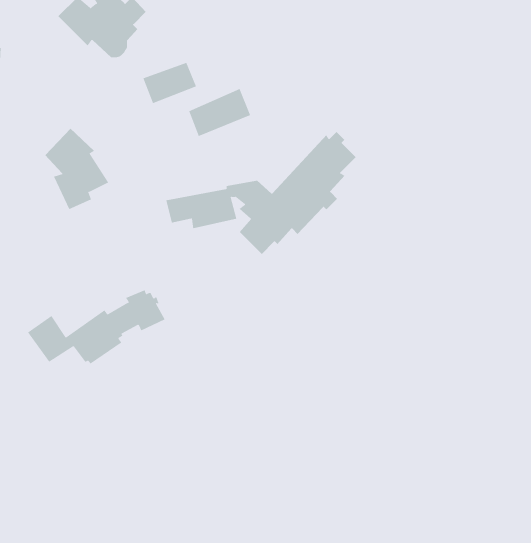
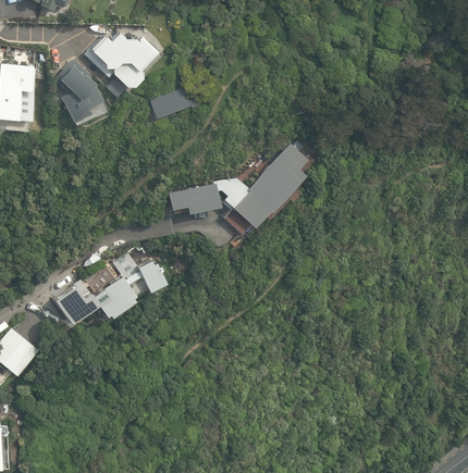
building: [189,88,251,137] -> none
building: [44,128,109,210] -> [54,60,103,122]

